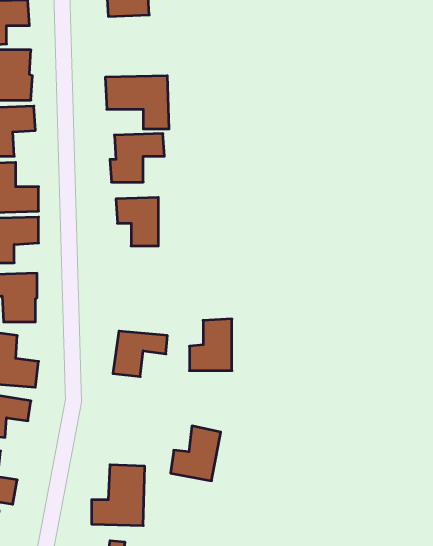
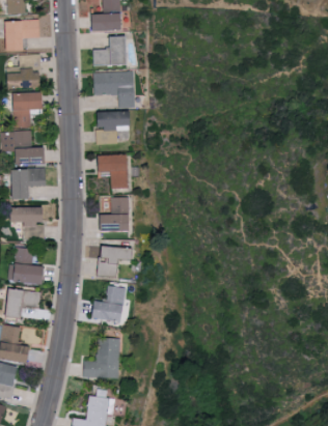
building: none -> [91,36,127,65]
building: [189,319,232,371] -> [101,197,130,232]
building: [171,426,221,481] -> [92,285,127,322]

